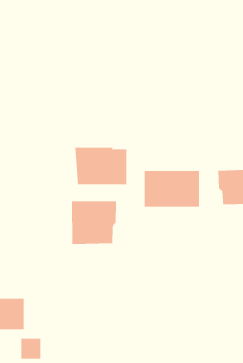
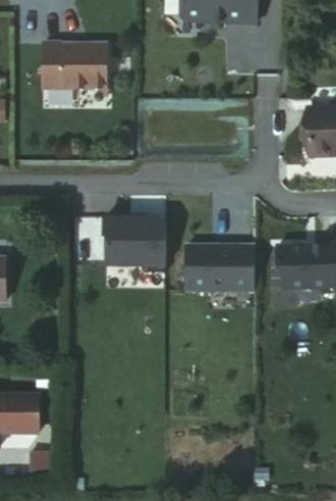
building: none -> [42,46,106,92]
building: [71,201,116,245] -> none

